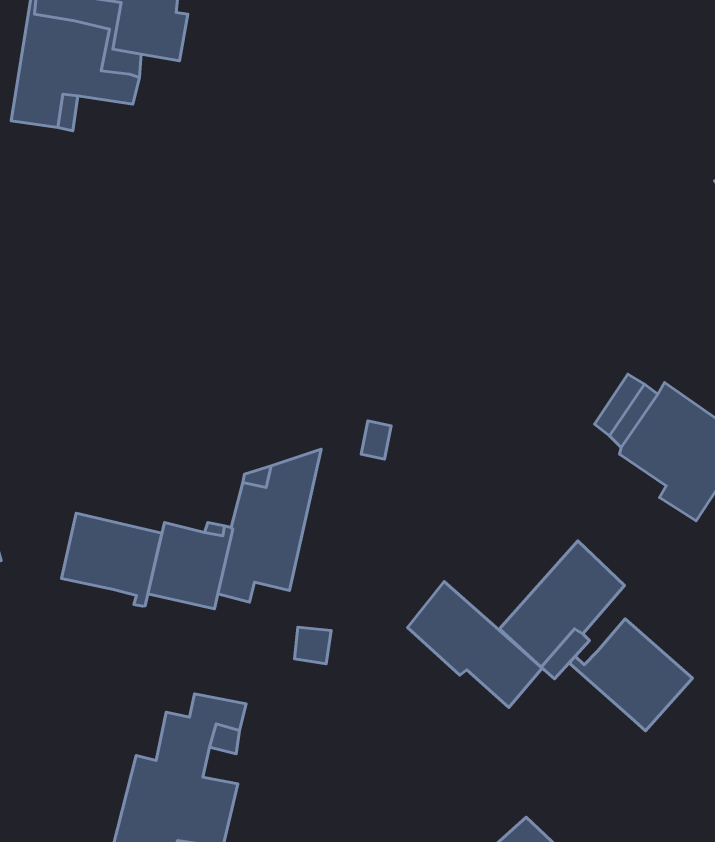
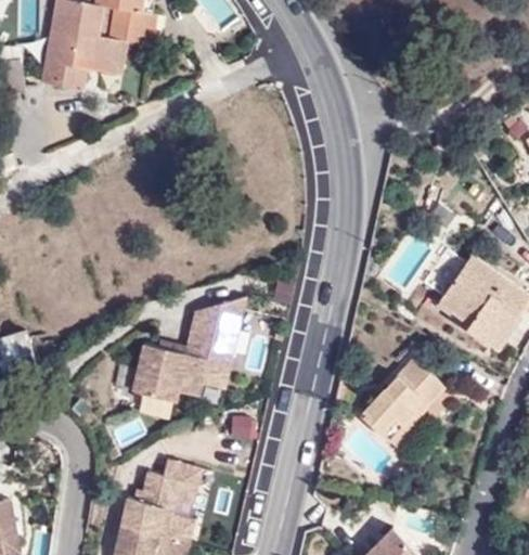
building: [62,513,162,606] -> none
building: [407,581,542,708] -> none
building: [570,619,693,731] -> none

